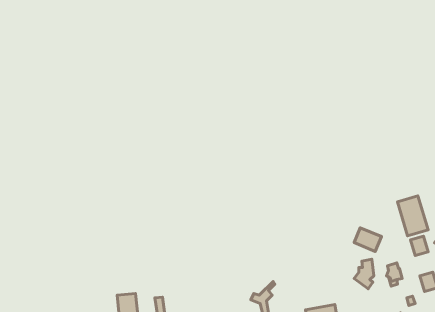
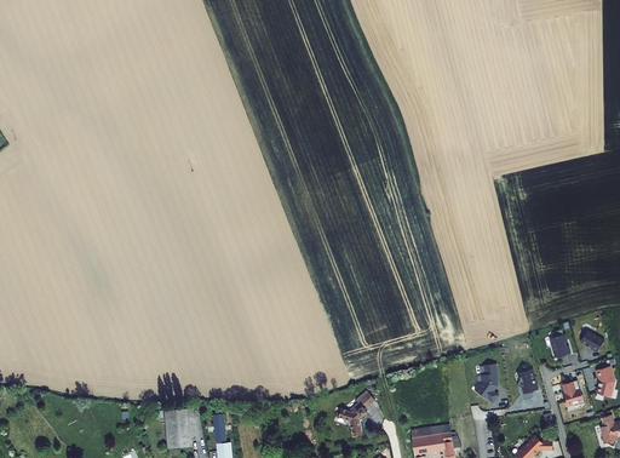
building: [397,196,428,236] -> none
building: [354,228,381,251] -> none

